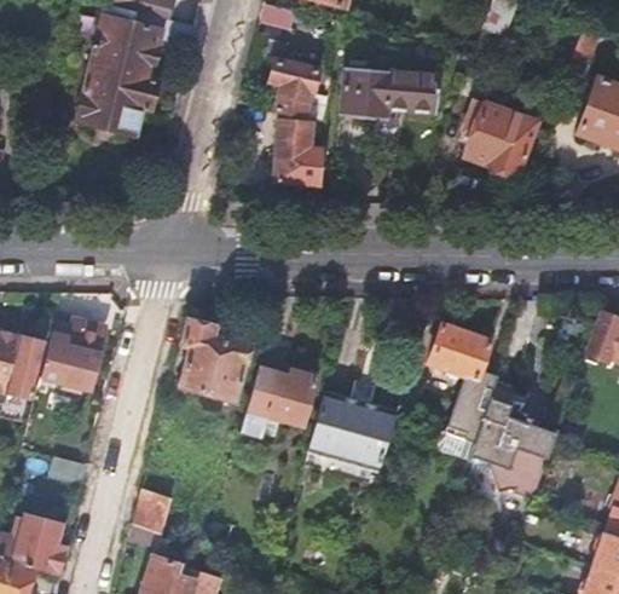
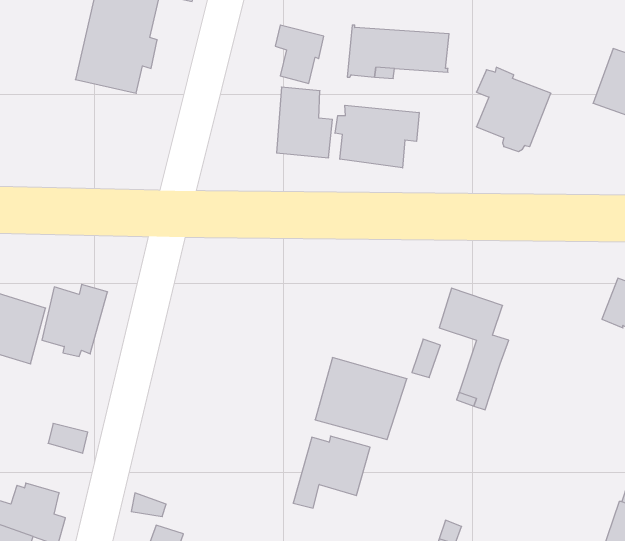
building: none -> [335,105,419,168]
building: [180,318,250,398] -> none
building: [242,364,317,434] -> [293,436,370,508]
building: [469,396,557,496] -> none
building: [134,486,175,532] -> none

